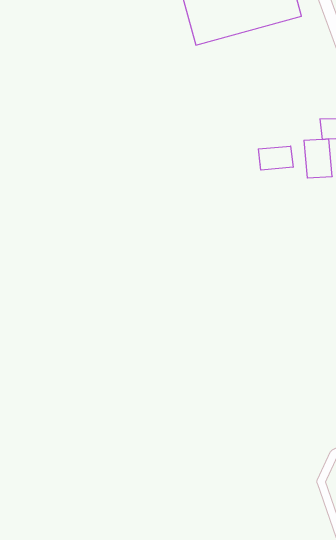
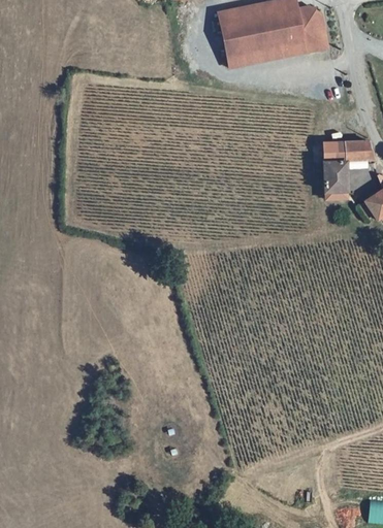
building: [258,146,293,170] -> none

